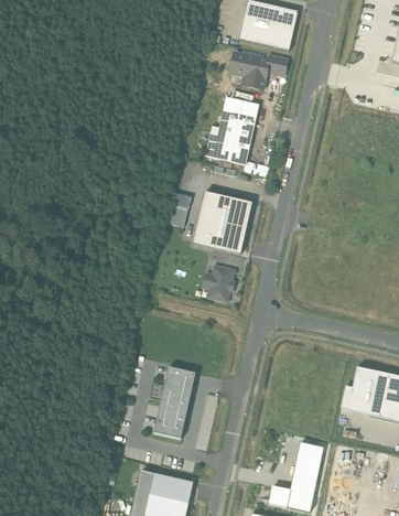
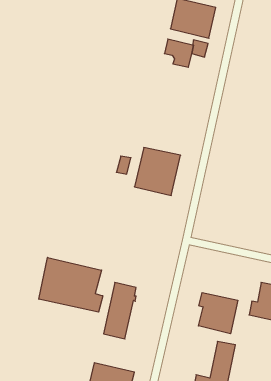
building: [205,96,259,164] -> none
building: [203,266,234,300] -> none
building: none -> [39,257,103,312]
building: none -> [198,293,238,334]

